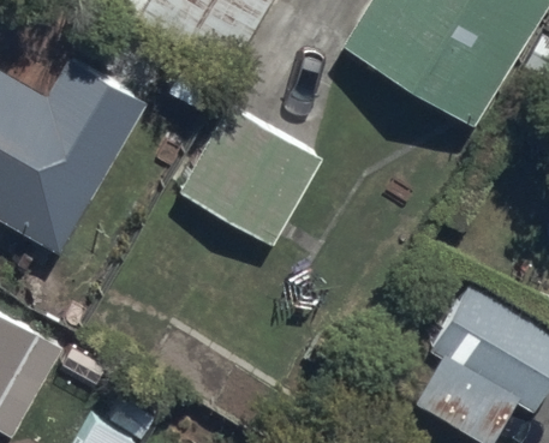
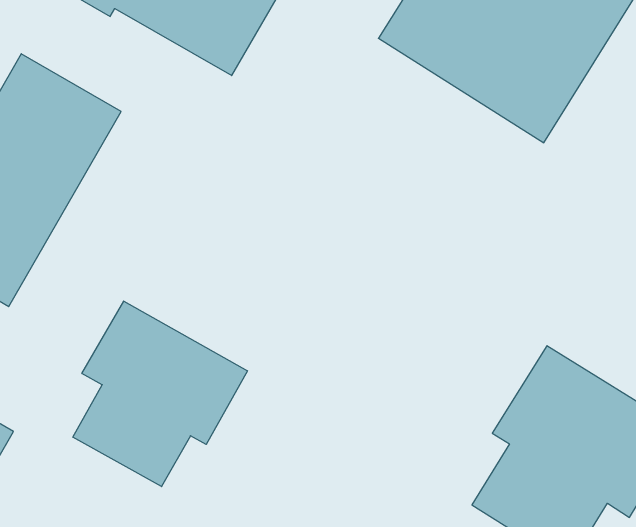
building: [178,106,323,246] -> none
building: none -> [73,301,247,487]

